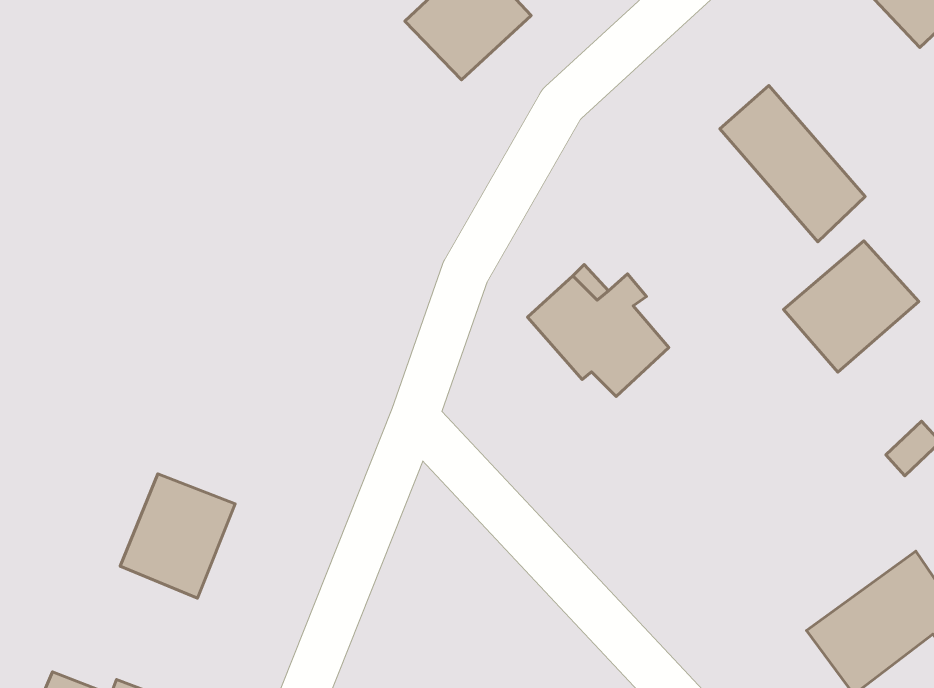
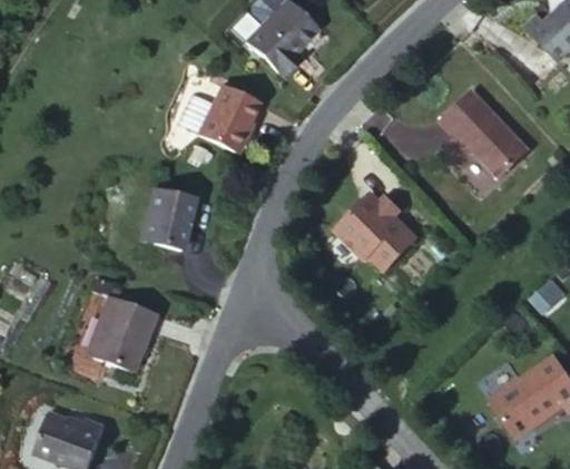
building: none -> [202,85,264,154]
building: [784,241,919,372] -> none
building: none -> [136,184,195,253]

